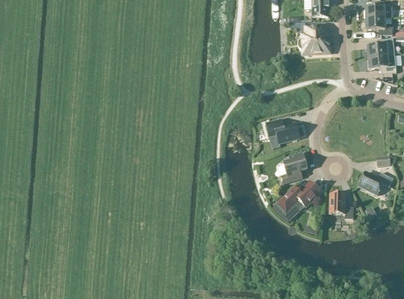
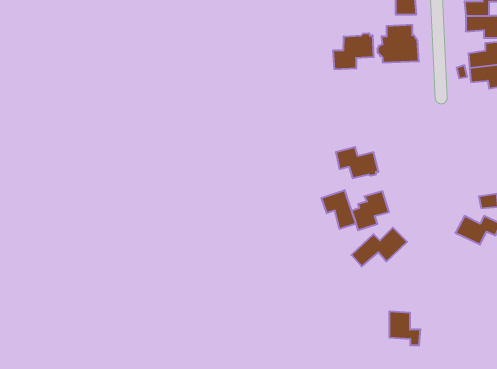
building: none -> [333,33,373,69]
building: none -> [322,190,356,229]
building: [330,193,354,219] -> [389,311,421,345]

